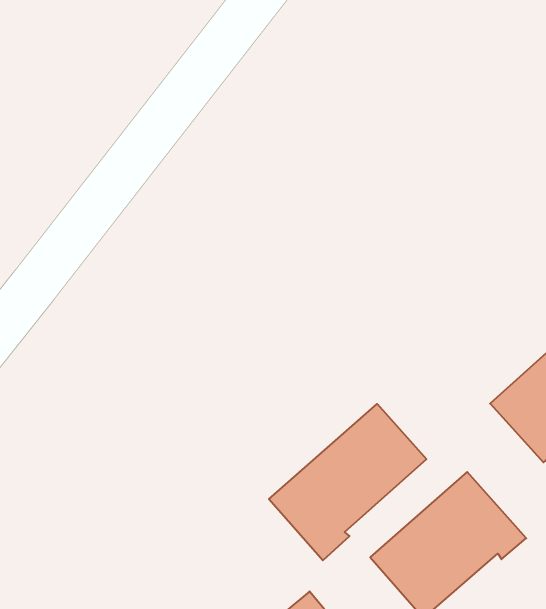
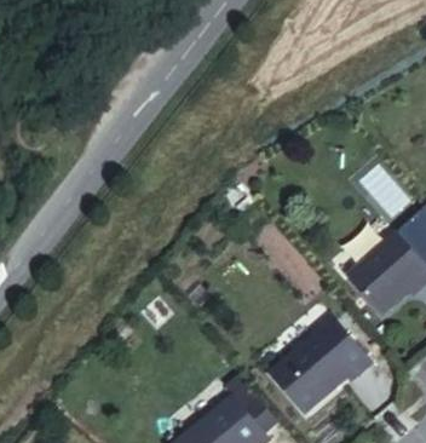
building: [269,404,426,560] -> none

